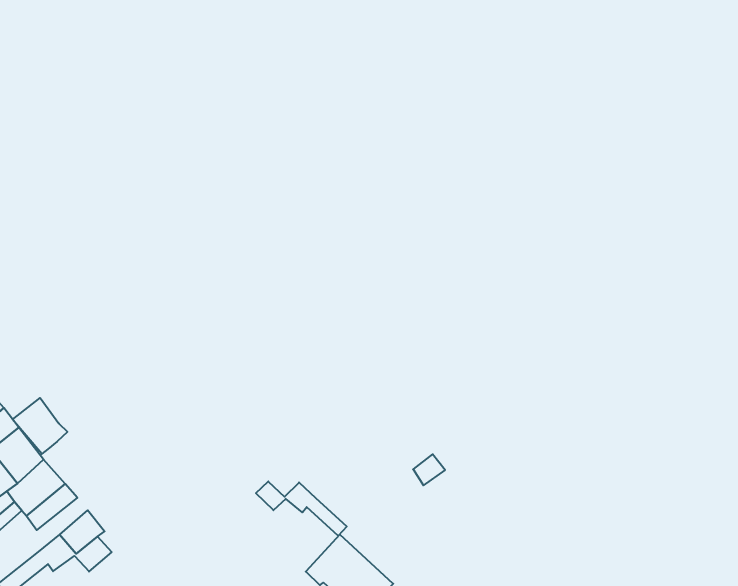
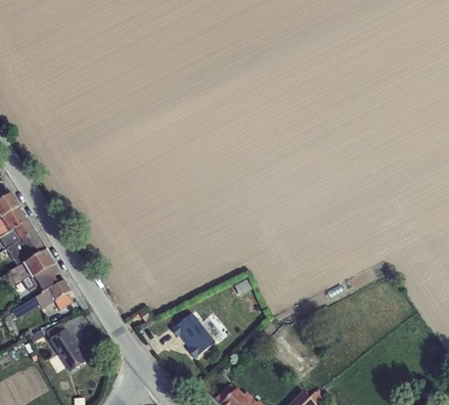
building: [13,398,67,454] -> none
building: [256,481,347,536] -> none

